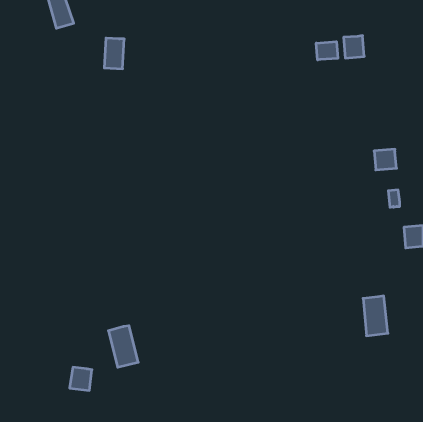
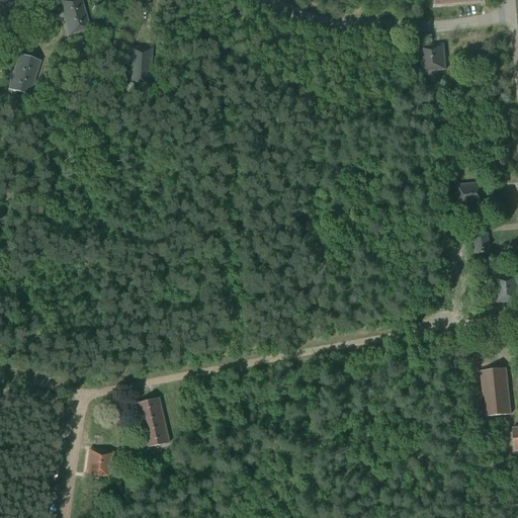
building: [316,42,338,60] -> none
building: none -> [8,54,40,95]
building: [363,296,388,336] -> [481,367,511,416]

